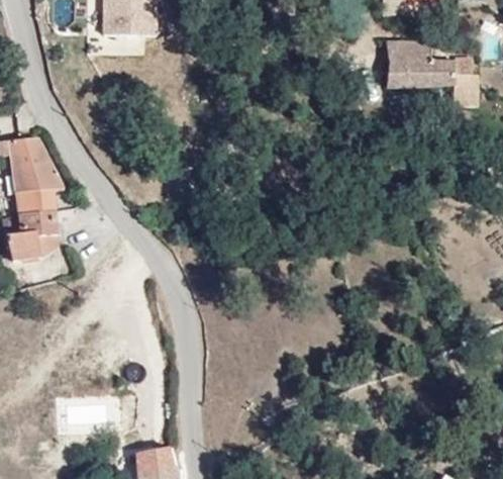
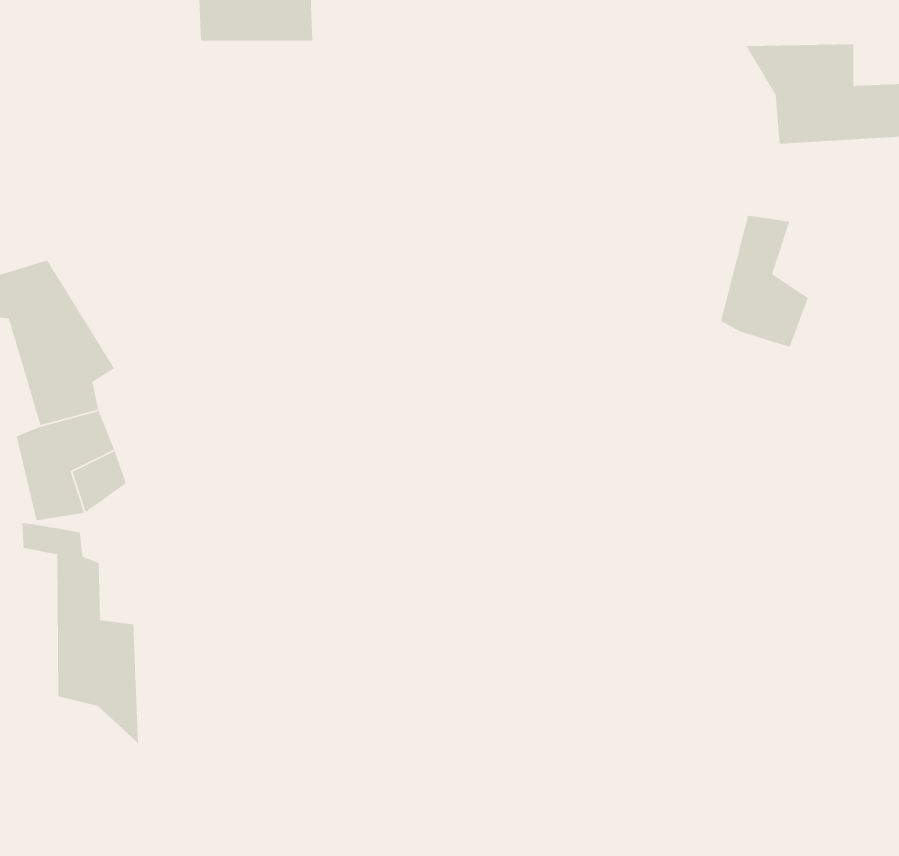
building: none -> [720,215,809,348]
building: none -> [22,522,139,744]

